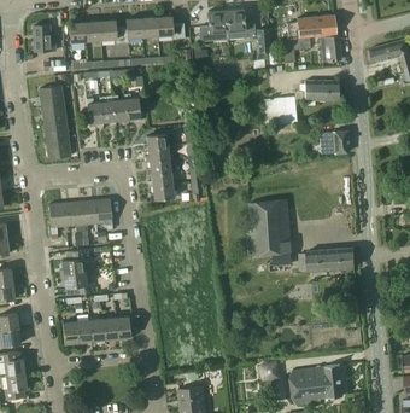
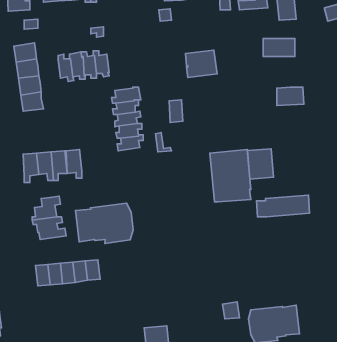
building: [263,97,297,126] -> [185,50,217,77]
building: none -> [248,149,273,179]
building: none -> [75,203,133,243]

